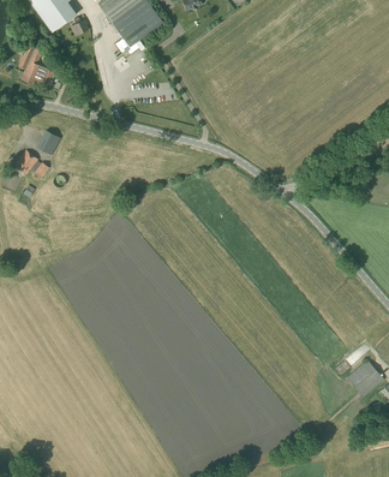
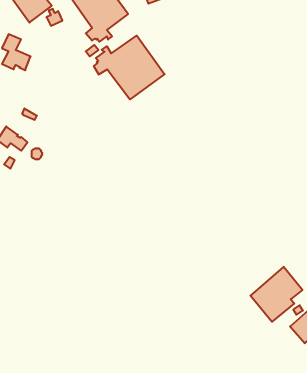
building: none -> [94,36,165,99]
building: none -> [250,267,302,322]

